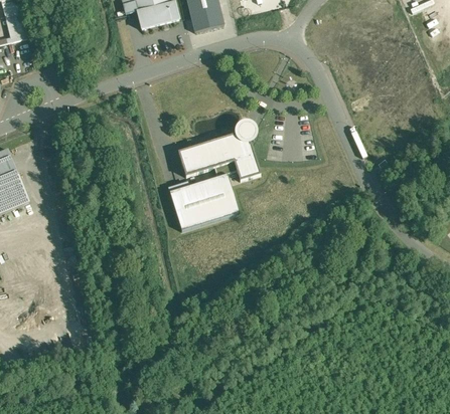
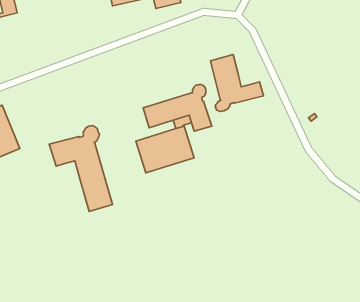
building: none -> [211,54,264,111]
building: none -> [49,126,113,212]

